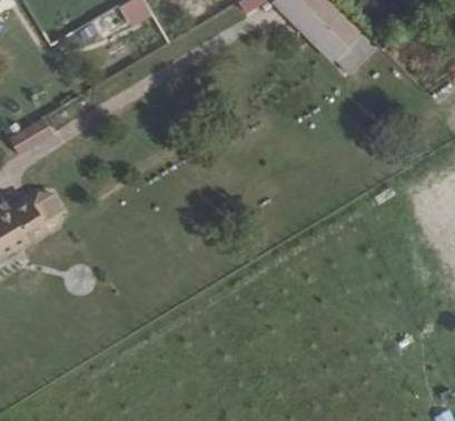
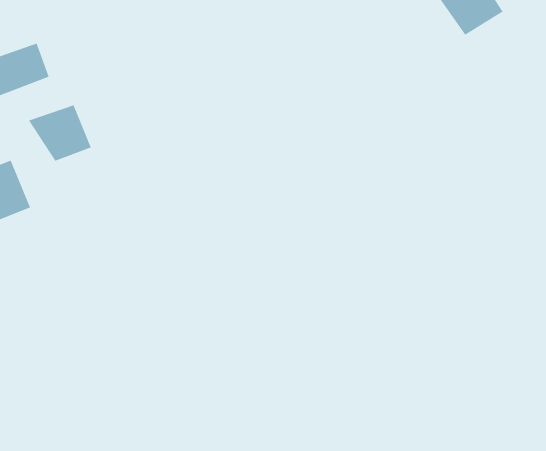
building: none -> [28,104,91,162]

